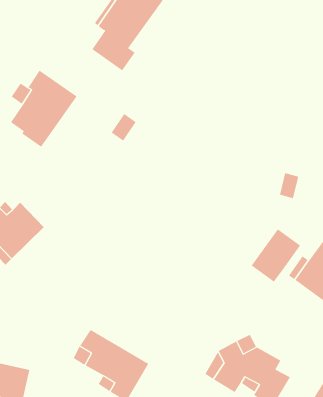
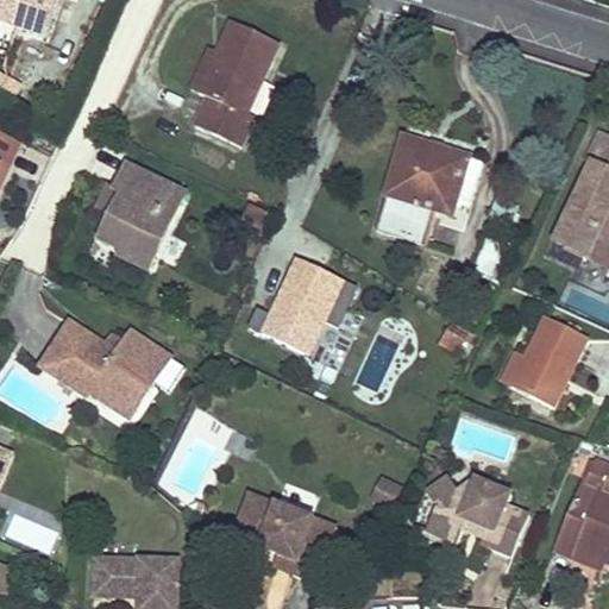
building: none -> [376,134,466,240]
building: none -> [258,257,354,357]
building: [251,229,301,283] -> none

